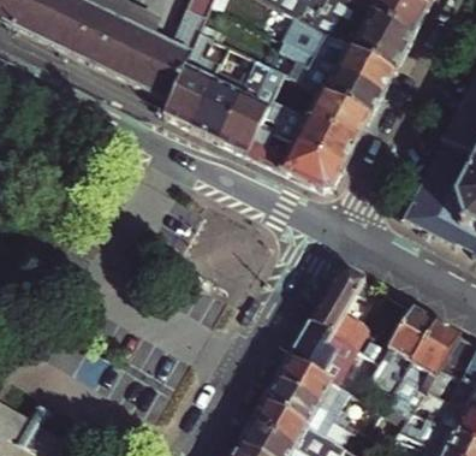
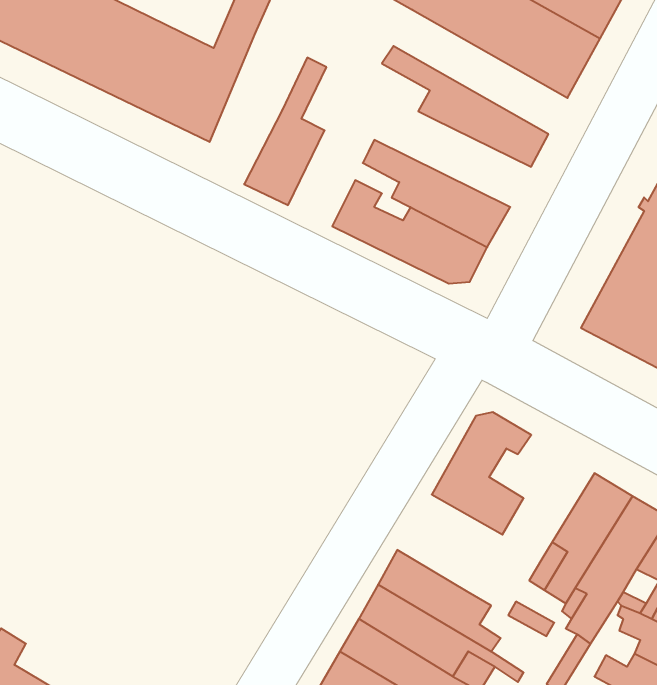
building: [293,16,395,94] -> none
building: [165,30,216,125] -> none
building: [220,58,272,152] -> none
building: [274,82,373,140] -> none
building: [288,320,355,381] -> none

